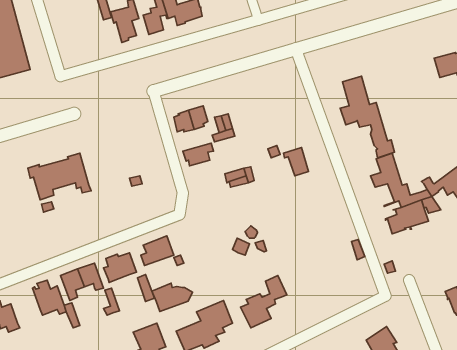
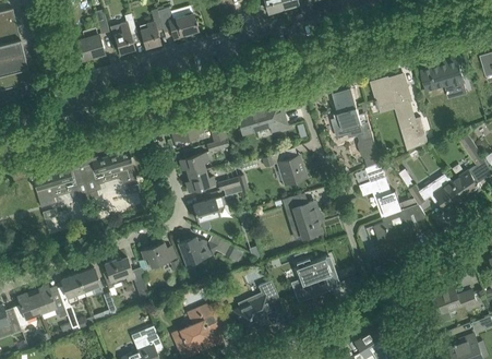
building: none -> [76,27,104,60]
building: none -> [372,74,428,149]
building: none -> [237,101,287,134]
building: none -> [80,147,136,199]
building: none -> [185,169,215,192]
building: none -> [192,196,225,222]
building: none -> [286,202,321,238]
building: none -> [291,258,335,301]
building: [152,283,193,311] -> [178,237,217,264]
building: none -> [13,292,41,326]

